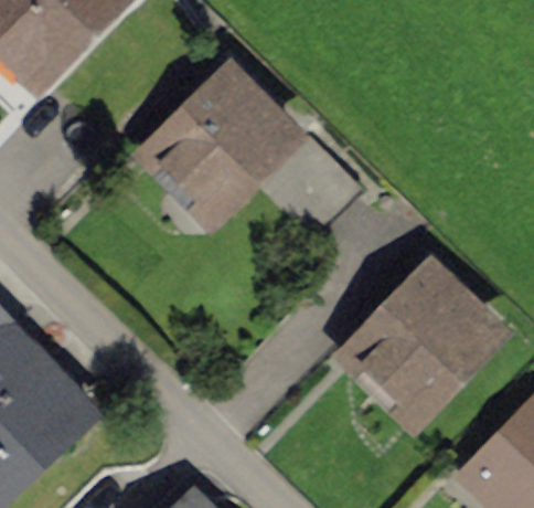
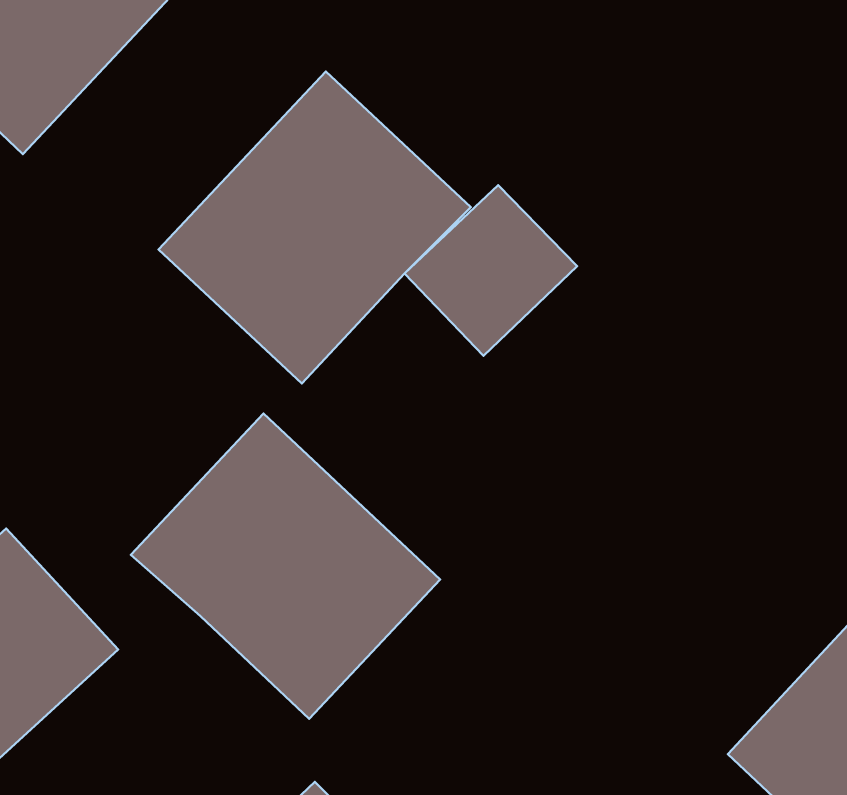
building: [330,260,508,438] -> none
building: none -> [131,414,440,719]

